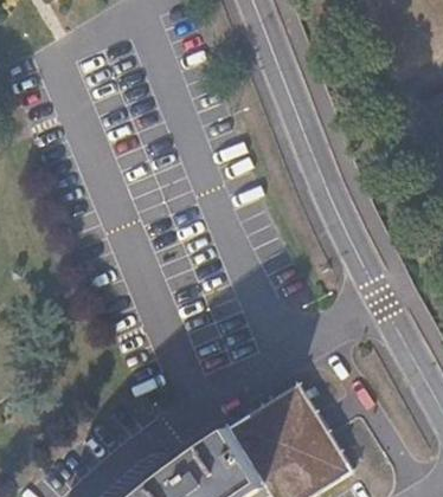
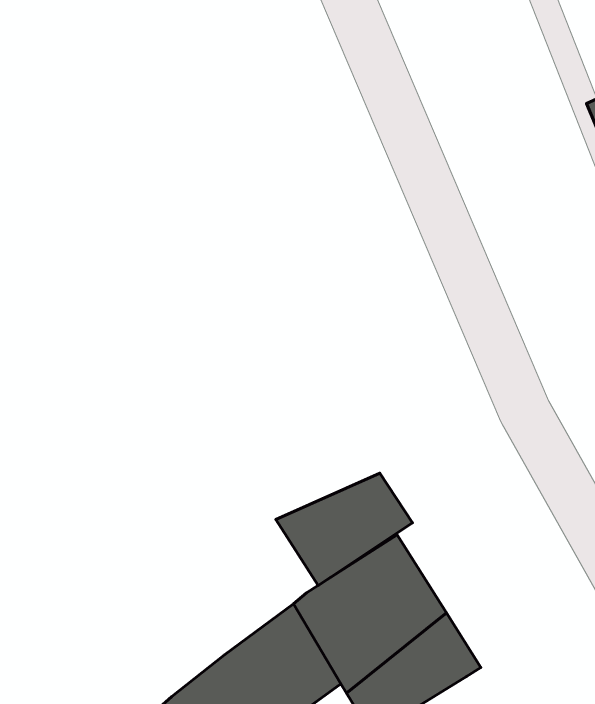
building: none -> [276,473,413,585]

